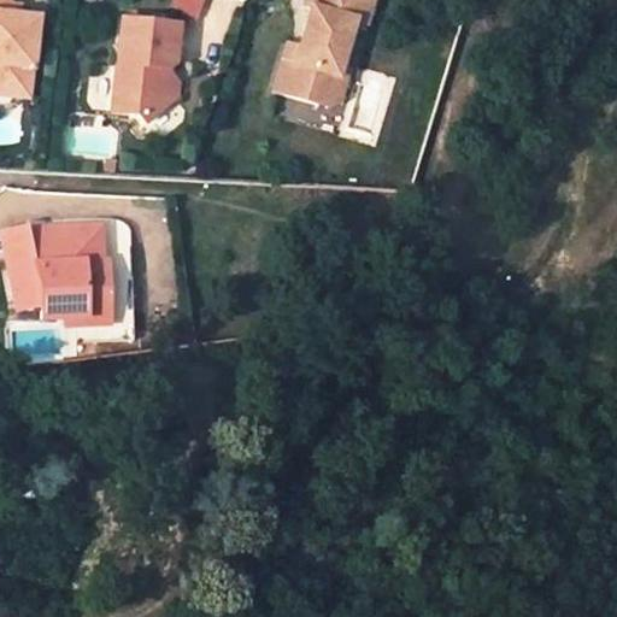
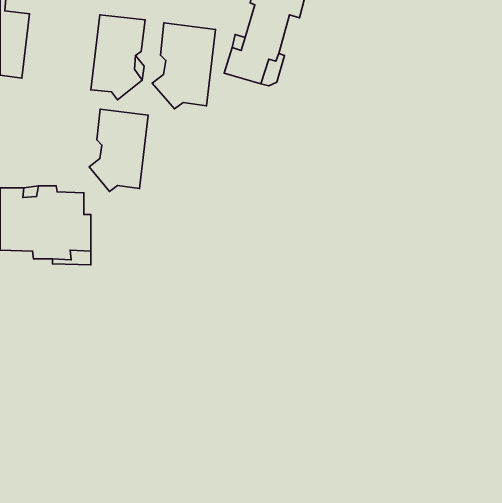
building: none -> [152,23,216,109]
building: none -> [89,109,148,191]

